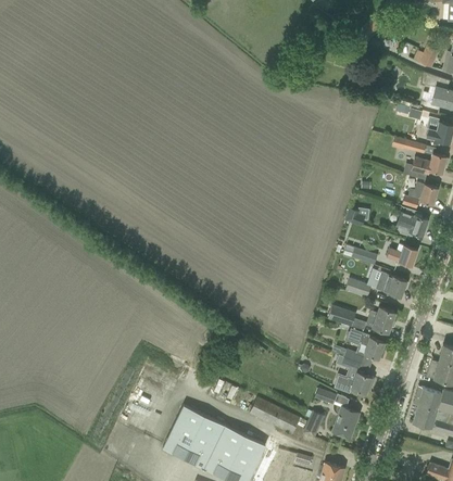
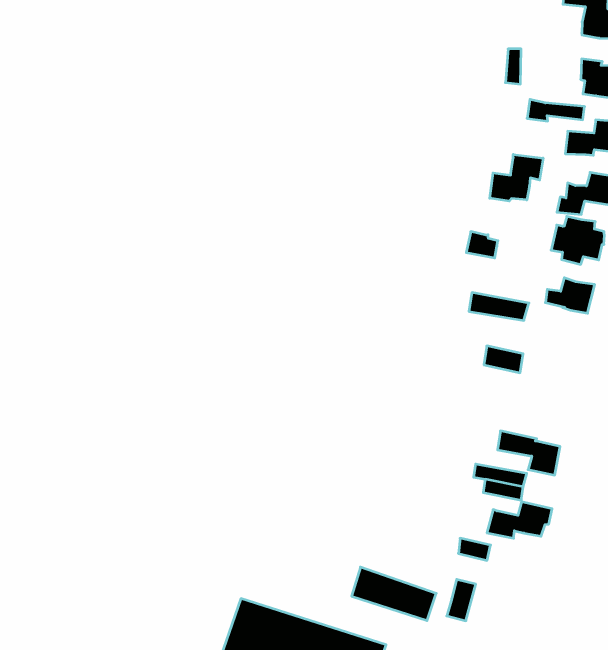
building: none -> [490,154,543,201]
building: [376,273,408,299] -> none
building: [328,306,397,334] -> none
building: [334,407,360,439] -> none

